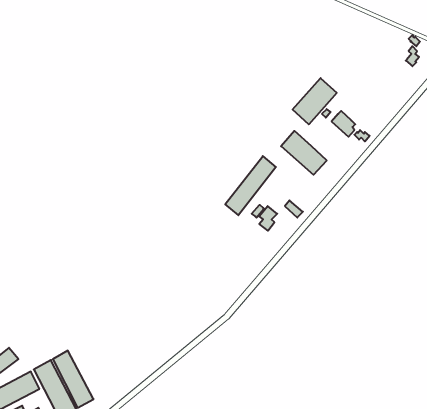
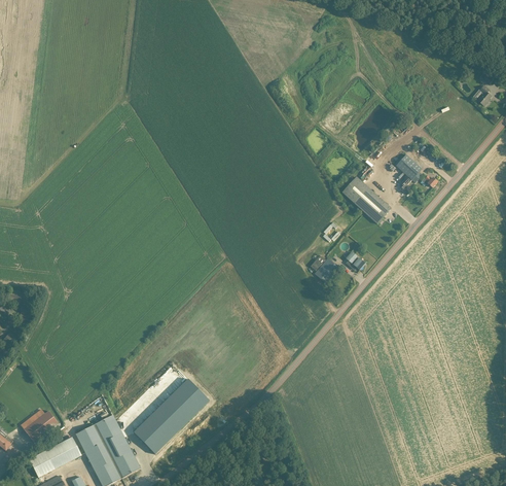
building: [293,78,337,124] -> none
building: [225,156,276,215] -> none
building: none -> [133,379,209,454]

